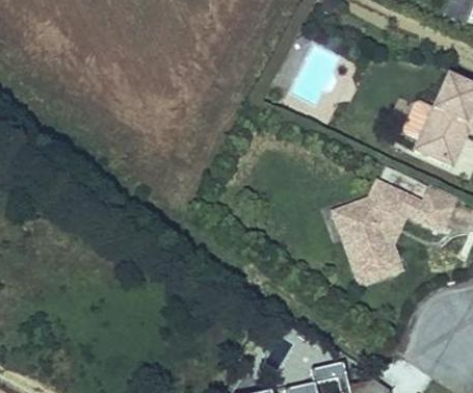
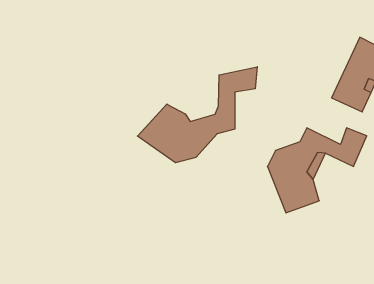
building: none -> [137,67,257,163]

